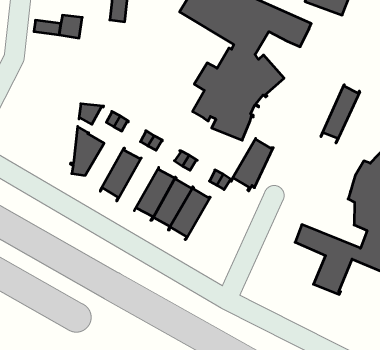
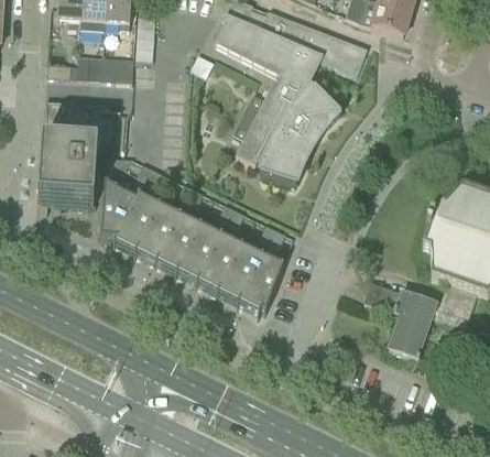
building: none -> [100,55,134,80]
building: none -> [39,99,122,205]
building: [321,85,360,143] -> none
building: [231,138,273,191] -> [238,254,284,316]
building: none -> [113,195,160,254]
building: none -> [155,214,202,275]

